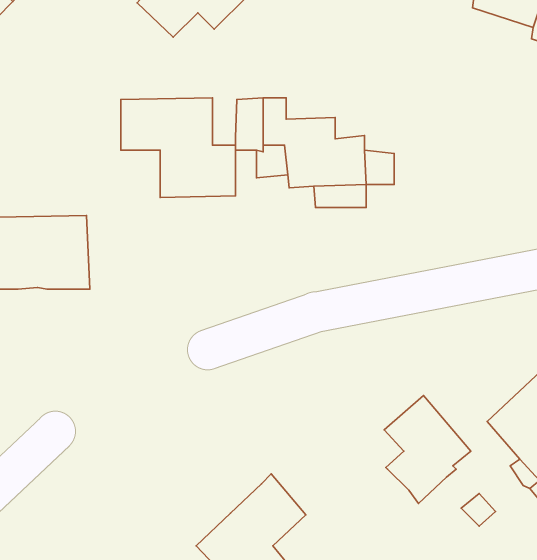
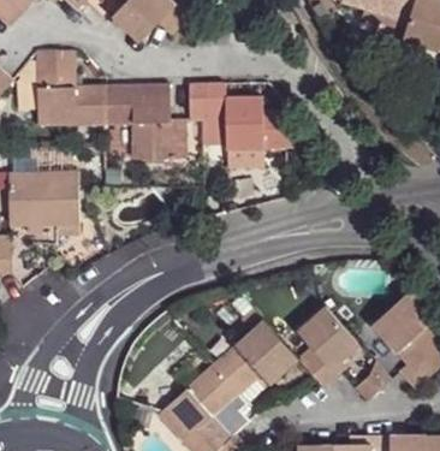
building: none -> [35,51,102,126]
building: none -> [213,318,298,392]

